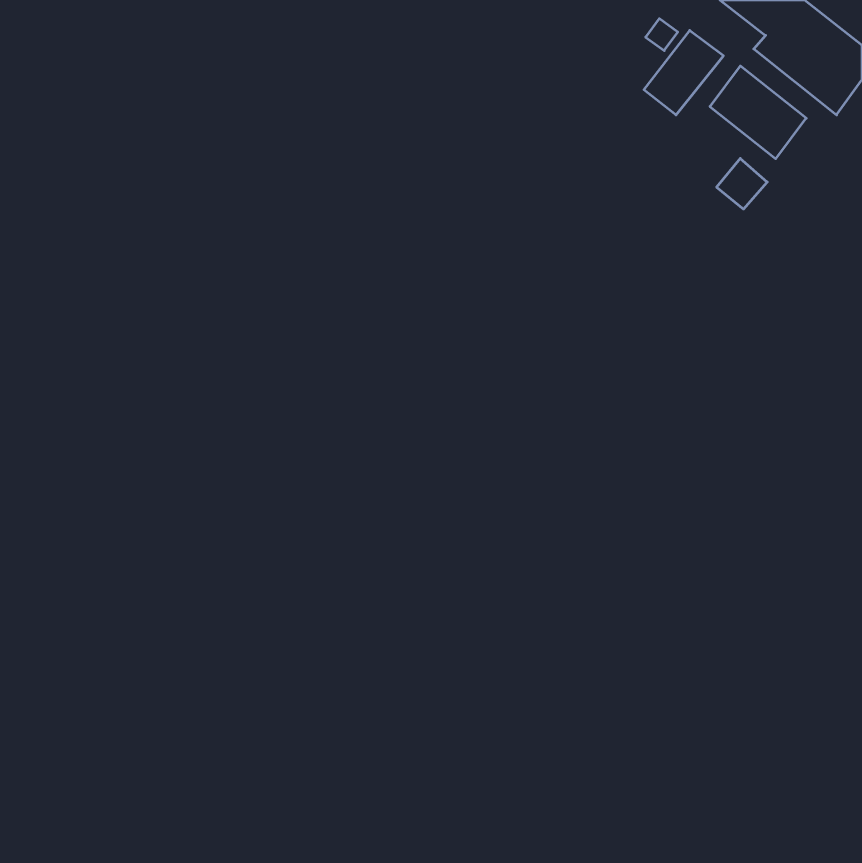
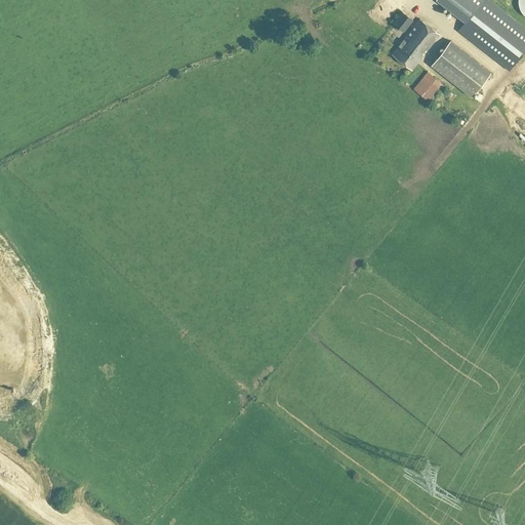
building: [717,158,767,209] -> [412,71,443,102]

